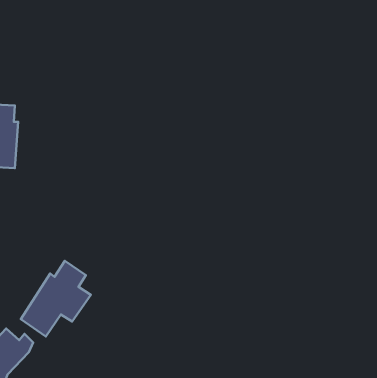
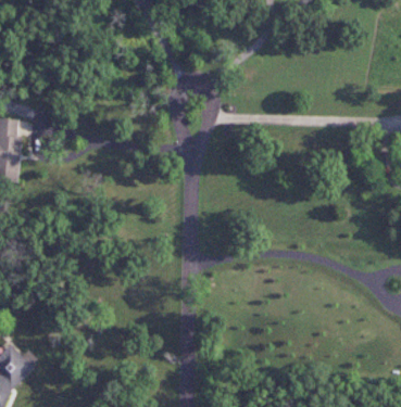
building: [21,261,91,336] -> none

